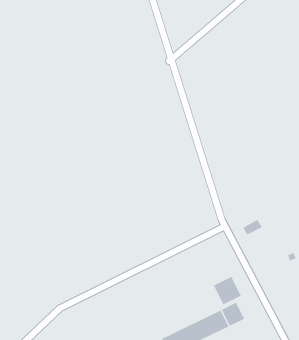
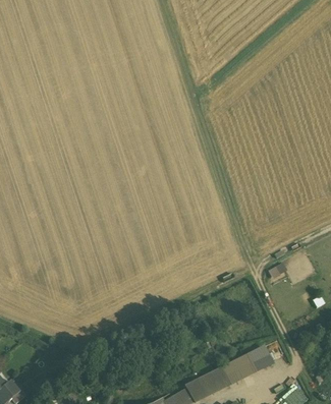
building: [213,276,242,306] -> none

